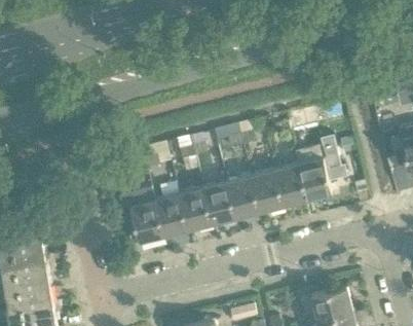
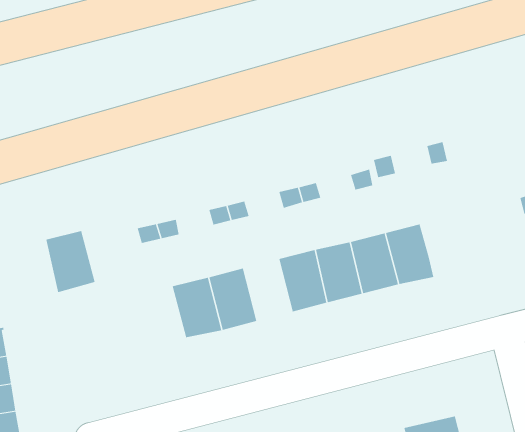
building: [321,137,347,182] -> none
building: [203,183,236,225] -> none
building: [130,202,164,244] -> [45,230,96,293]

